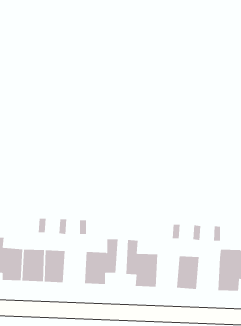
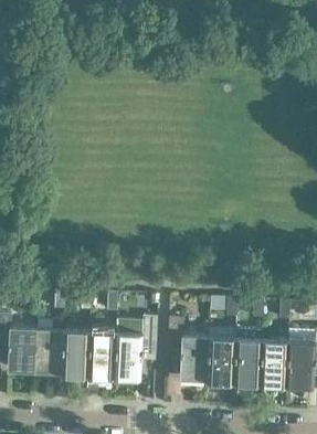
building: none -> [205,328,234,380]
building: none -> [86,332,115,374]
building: none -> [257,340,286,383]

